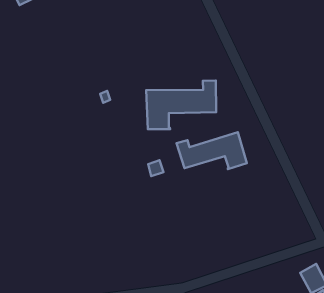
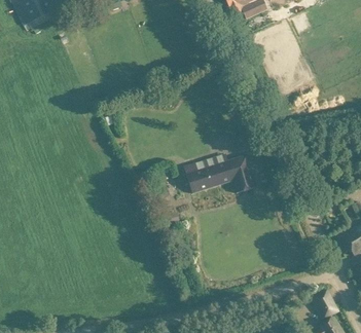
building: [146,80,216,129] -> none

